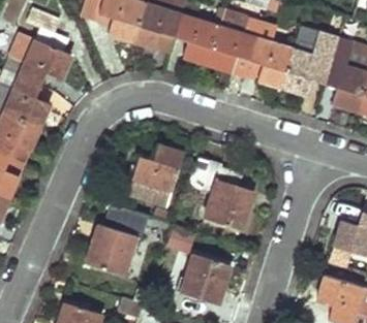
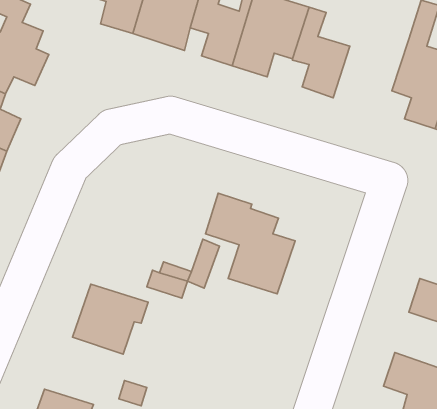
building: [281,33,337,95] -> none
building: [128,147,184,206] -> none
building: [177,254,231,305] -> none

